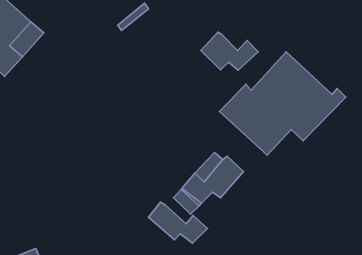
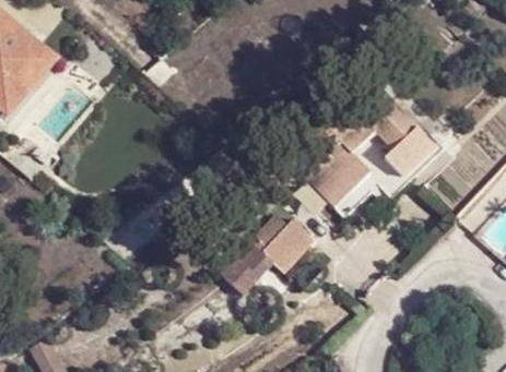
building: [201,32,258,70] -> none
building: [149,202,208,243] -> none

